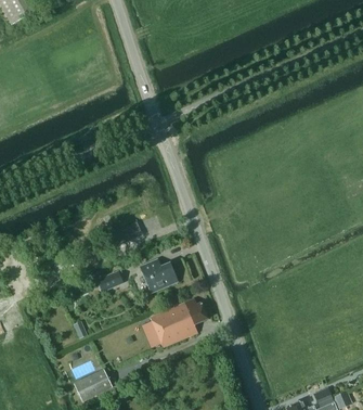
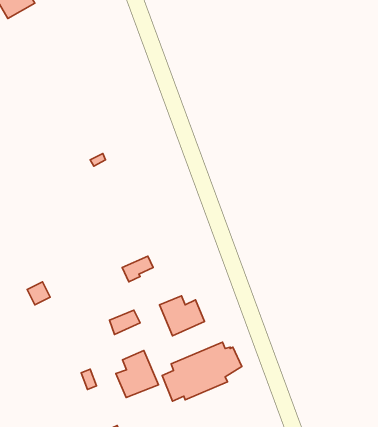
building: none -> [116,351,158,398]

